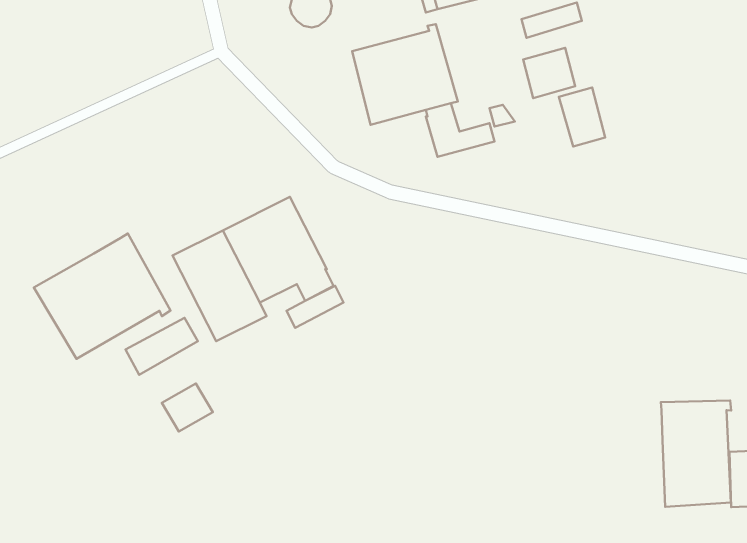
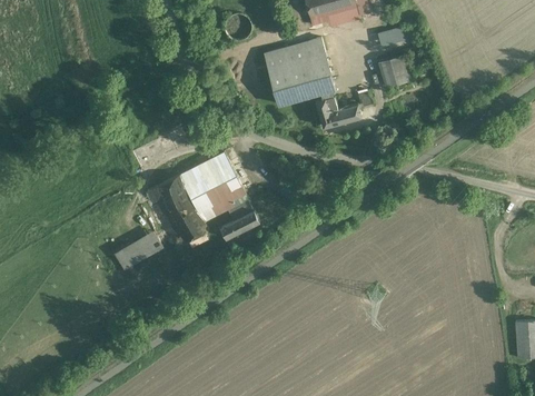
building: [559,87,605,146] -> none
building: [34,234,170,359] -> none
building: [162,384,213,432] -> none
building: [661,401,731,507] -> none

